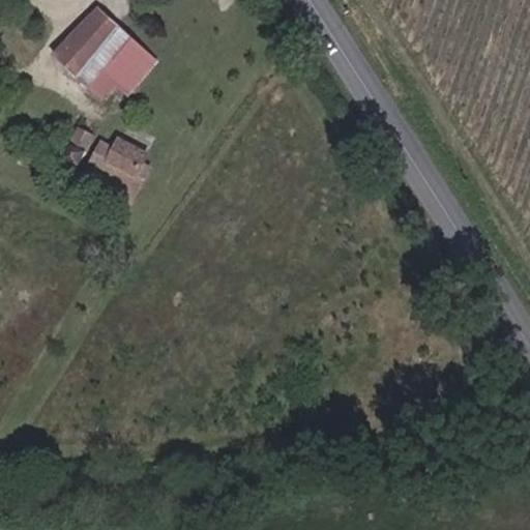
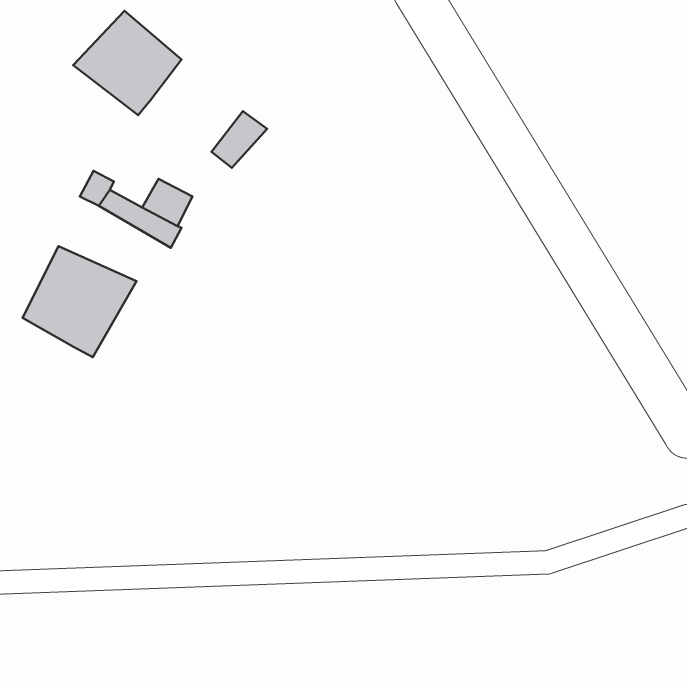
building: [115,46,157,89] -> [212,111,267,168]
building: none -> [22,246,137,357]

